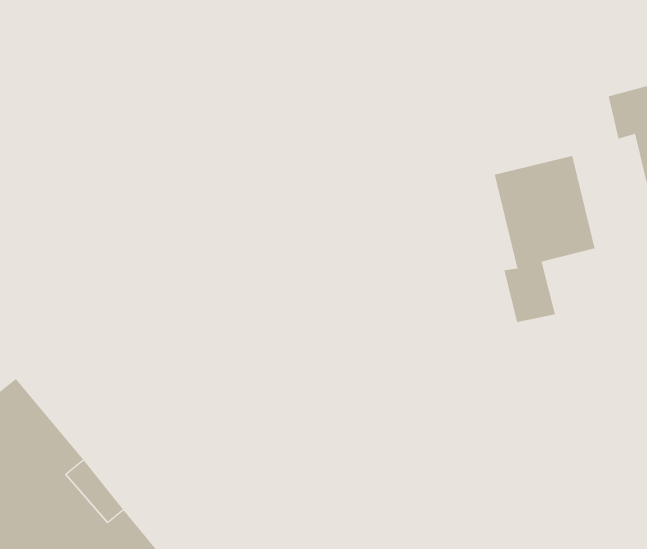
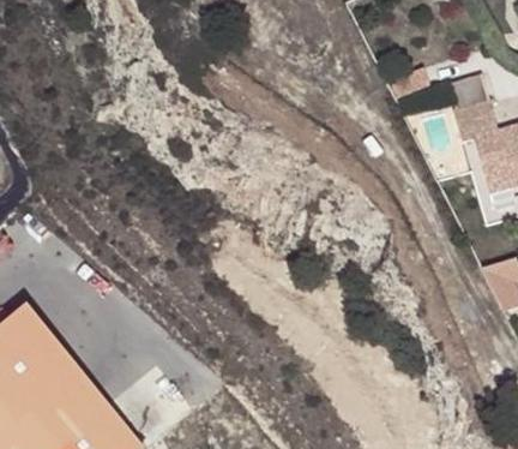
building: [494,155,595,323] -> none

